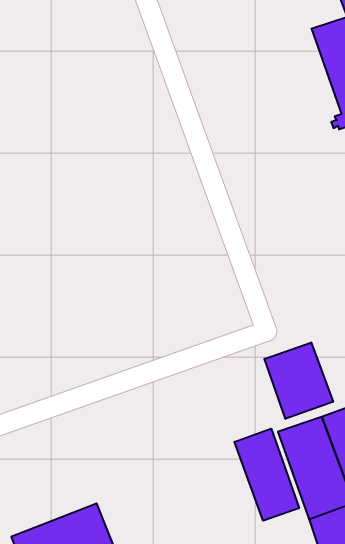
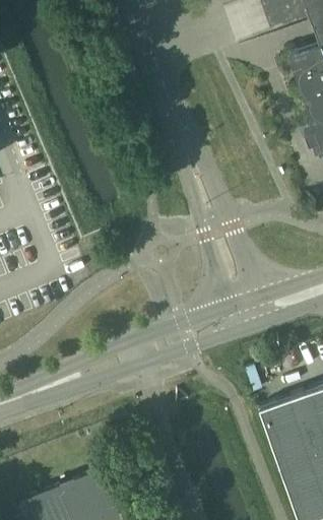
building: [264,342,333,419] -> none
building: [234,429,299,521] -> none

